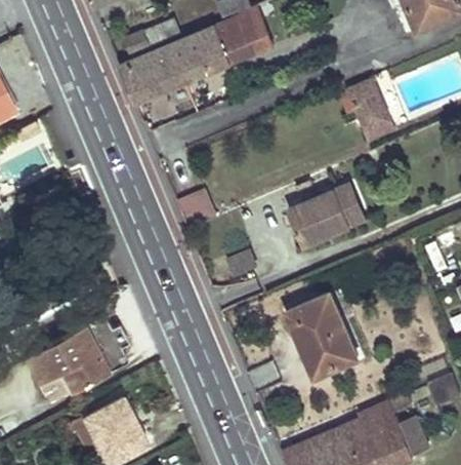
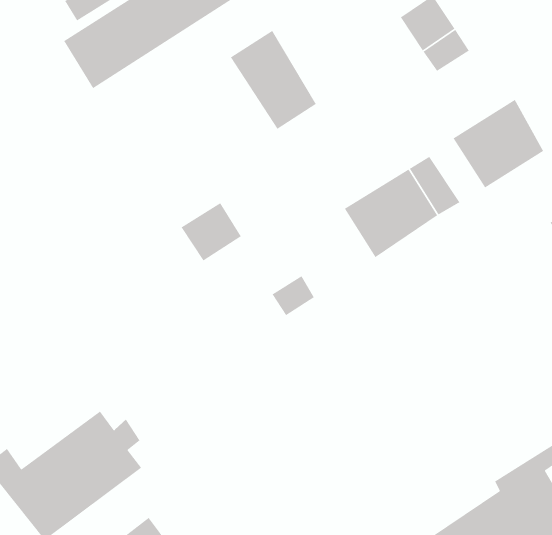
building: none -> [230,30,317,130]
building: none -> [452,99,544,188]
building: [288,294,355,376] -> none

